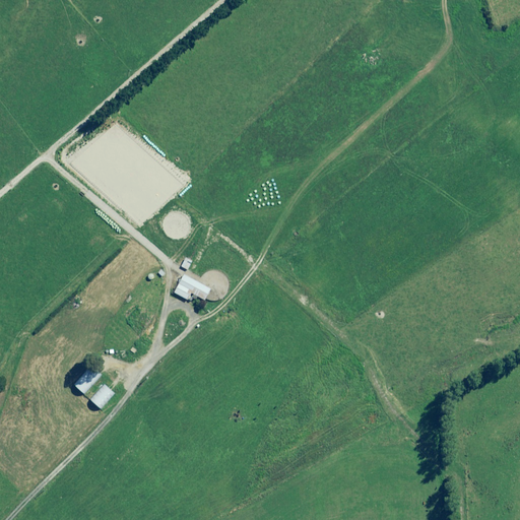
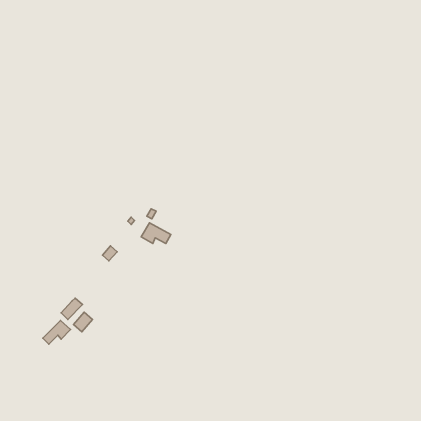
building: none -> [43,320,71,344]

